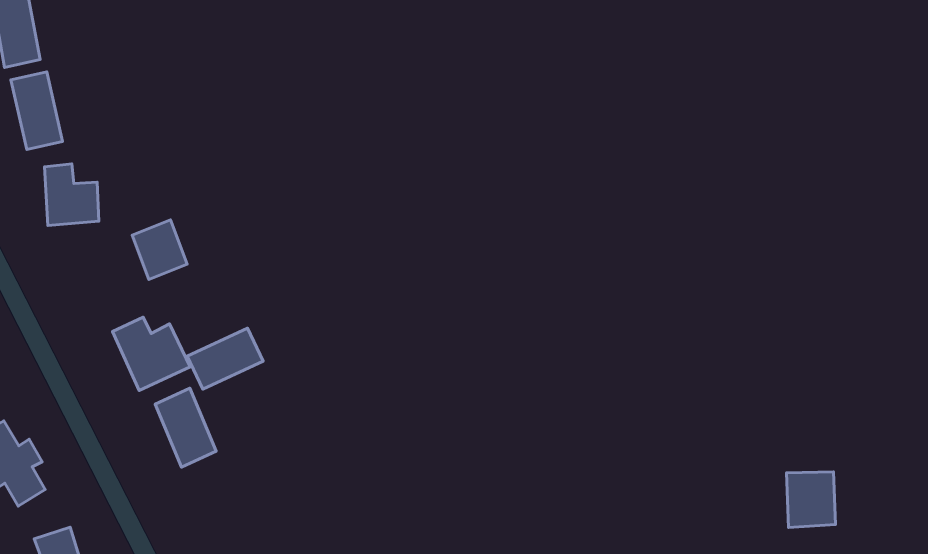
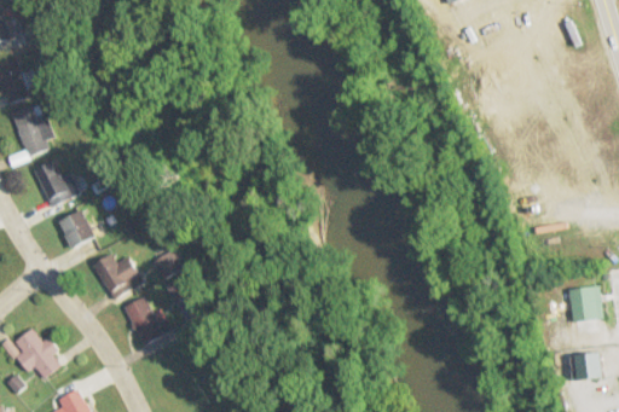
building: [132,220,187,280] -> [58,209,94,248]
building: [187,328,263,389] -> none
building: [787,472,836,527] -> [568,285,602,323]

